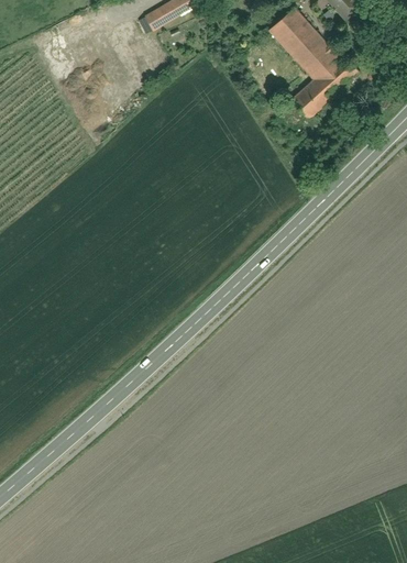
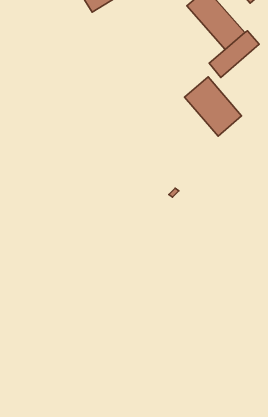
building: none -> [185,77,242,136]

